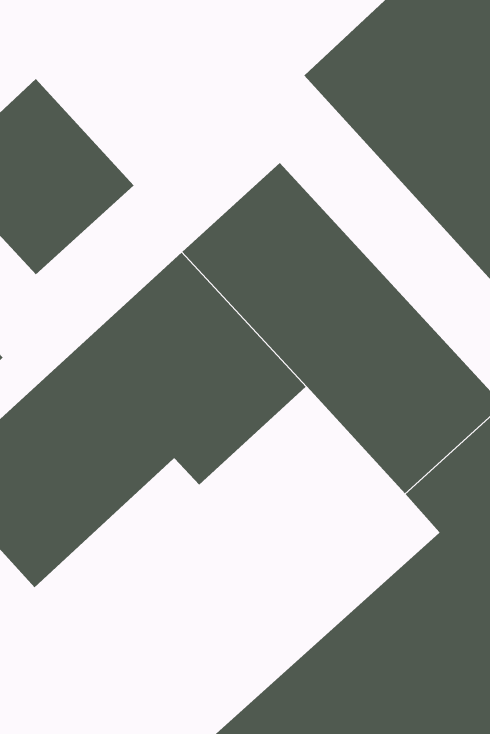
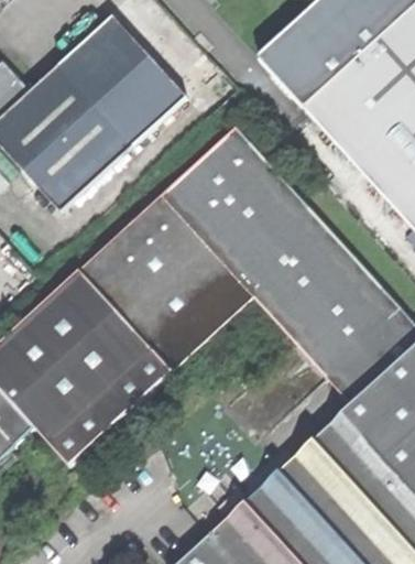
building: none -> [56,13,183,142]
building: none -> [55,347,178,464]

